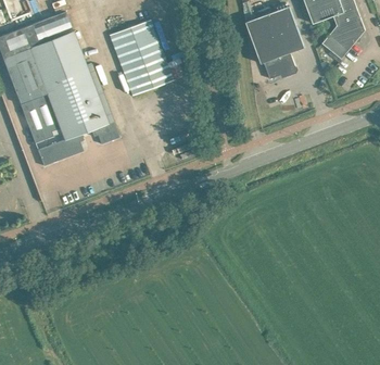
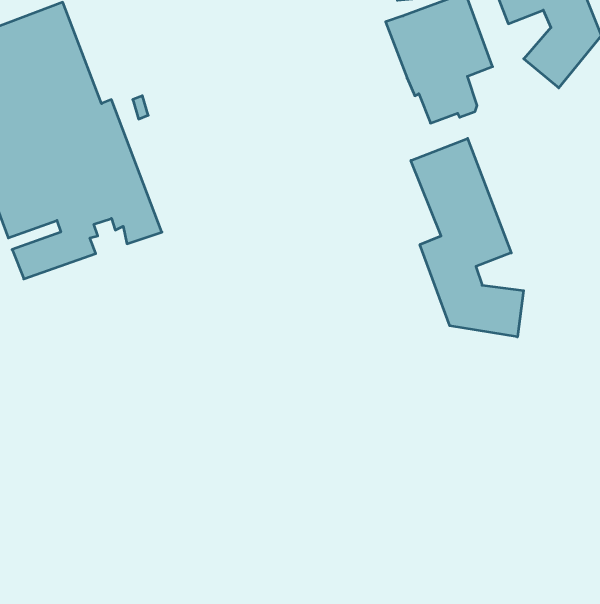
building: [110,21,173,96] -> none
building: none -> [411,138,524,337]

